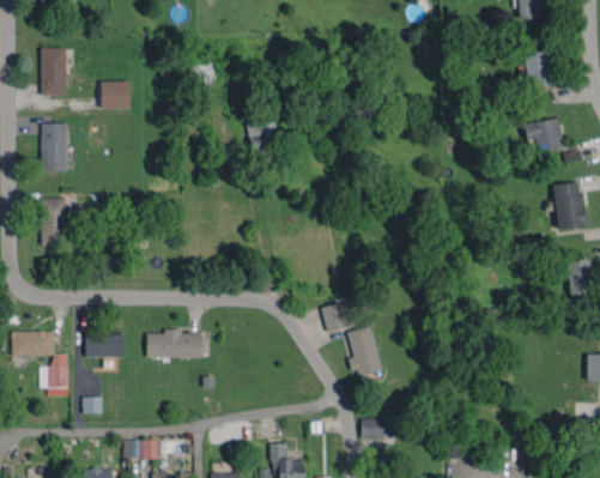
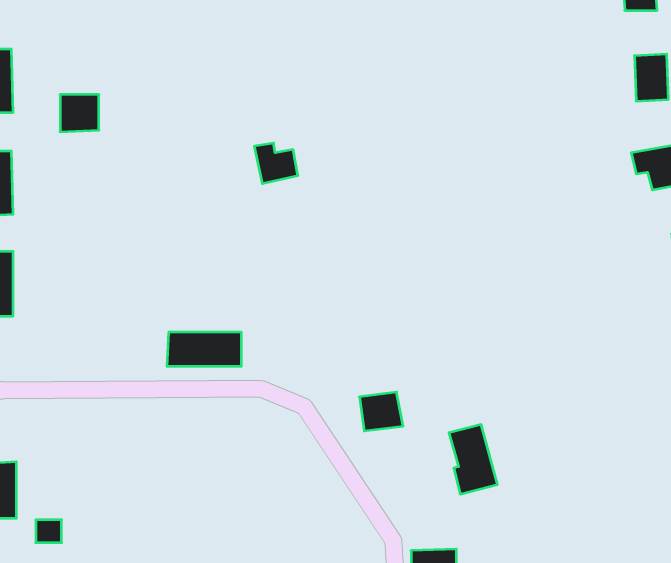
building: [347,326,383,377] -> [449,425,497,494]
building: [86,332,126,357] -> none
building: [147,332,202,357] -> [167,332,241,366]

